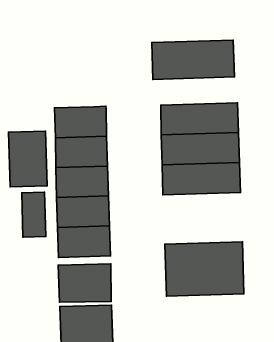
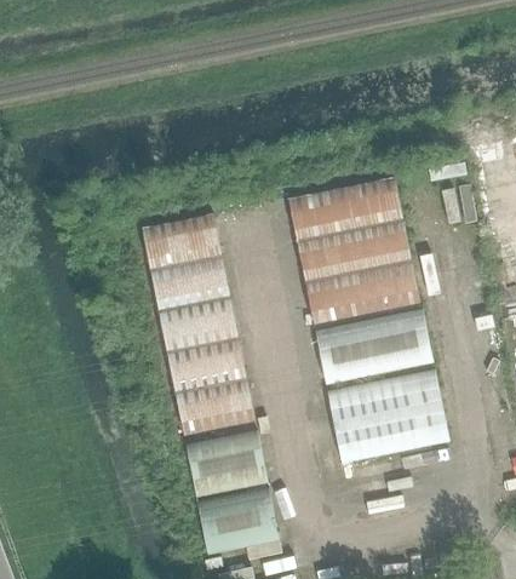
building: [152,40,234,80] -> none
building: [8,131,47,187] -> none
building: [22,192,46,237] -> none
building: none -> [315,310,432,384]

